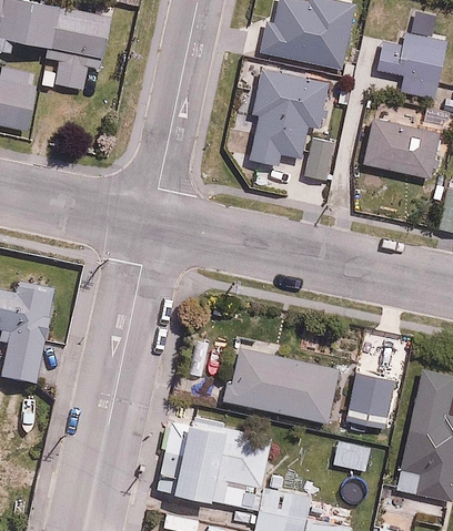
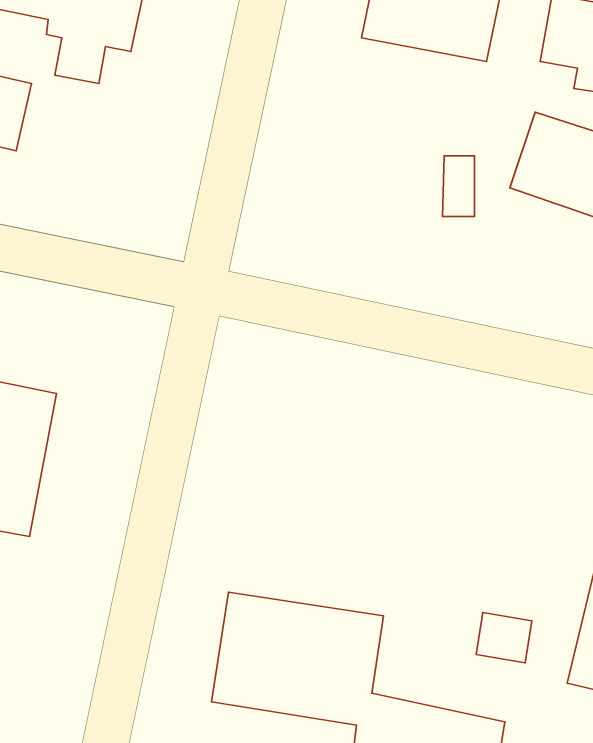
building: [238,68,330,166] -> none
building: [228,347,338,423] -> none
building: [349,376,394,428] -> none

